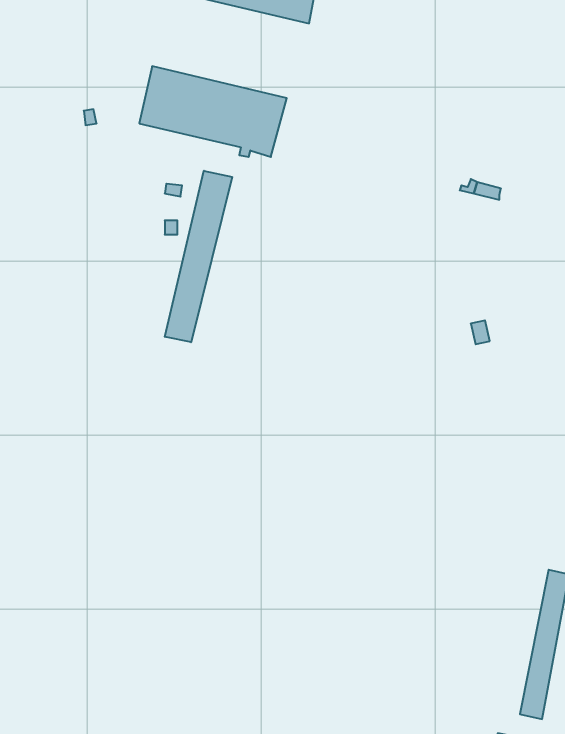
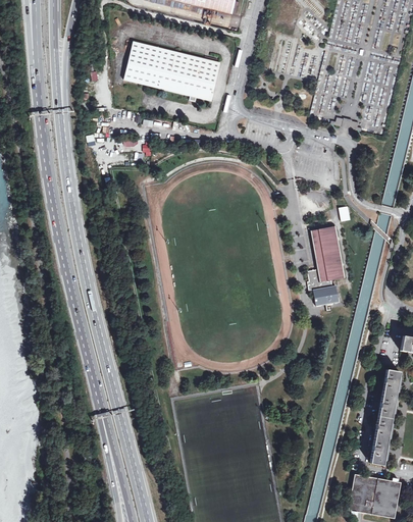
building: [165,171,232,342] -> none
building: none -> [308,228,346,308]

